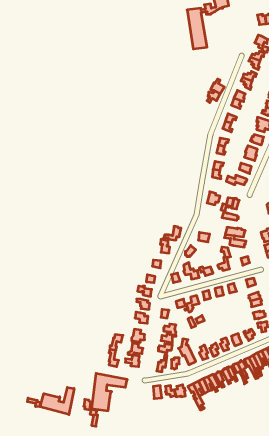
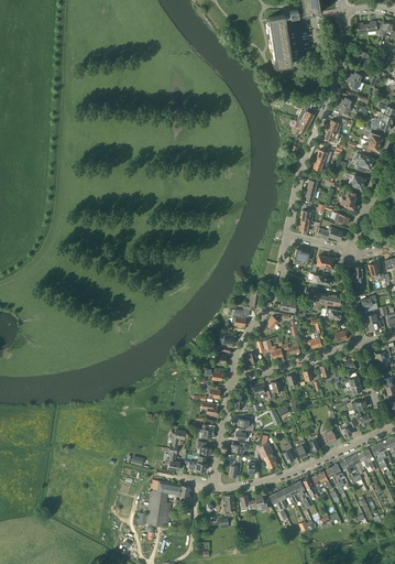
building: [27,387,74,415] -> none

